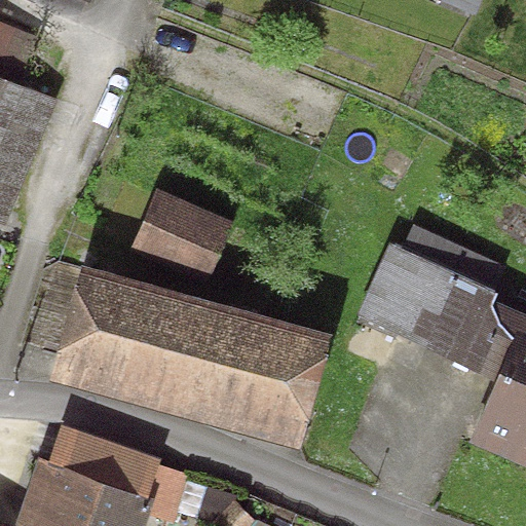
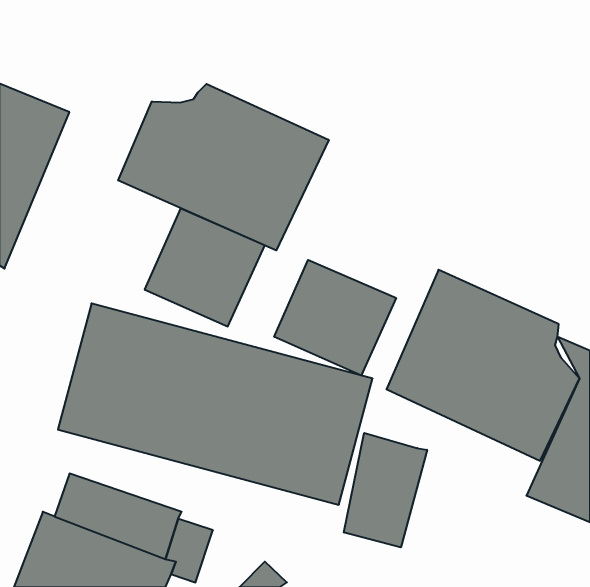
building: none -> [118,84,329,250]
building: none -> [274,260,396,376]
building: none -> [344,433,427,547]

